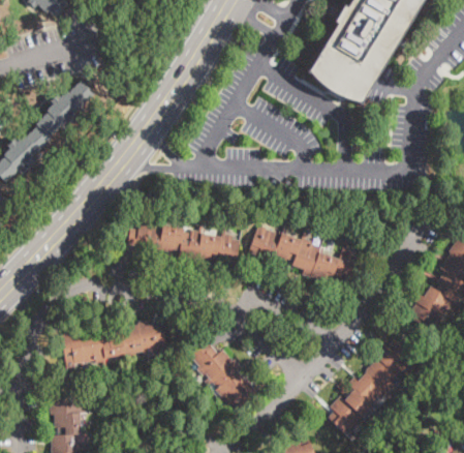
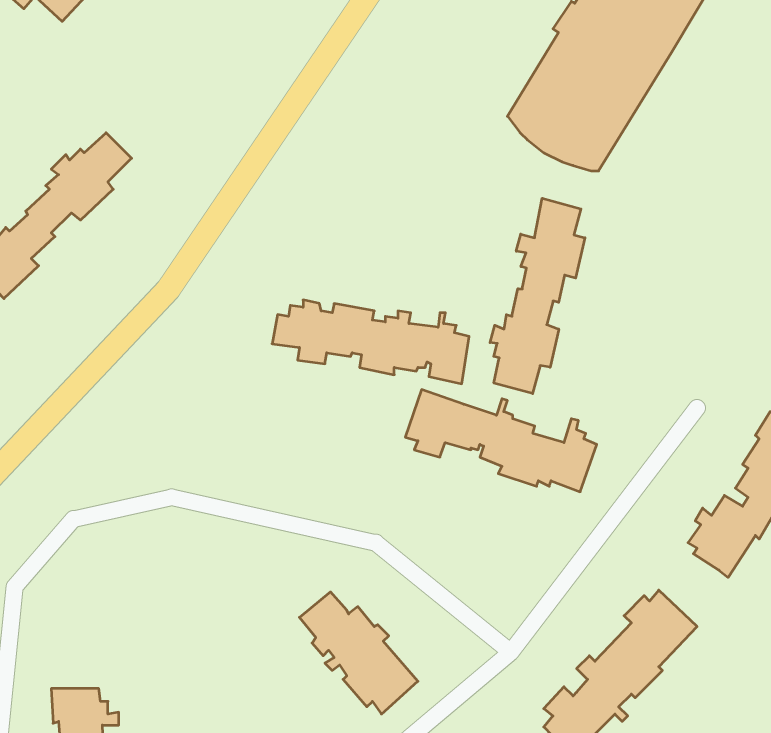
building: none -> [490,198,585,394]
building: [129,220,241,268] -> [272,300,469,384]
building: [61,320,167,366] -> none

